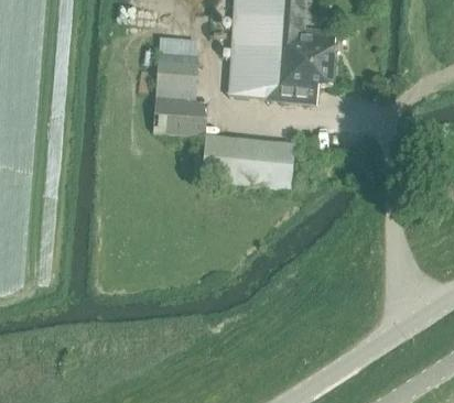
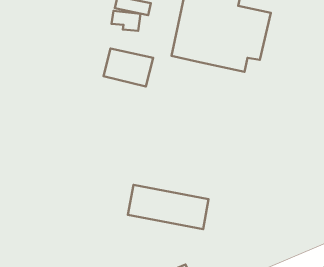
building: [154,72,196,96] -> none
building: [202,139,292,177] -> [128,185,209,229]

